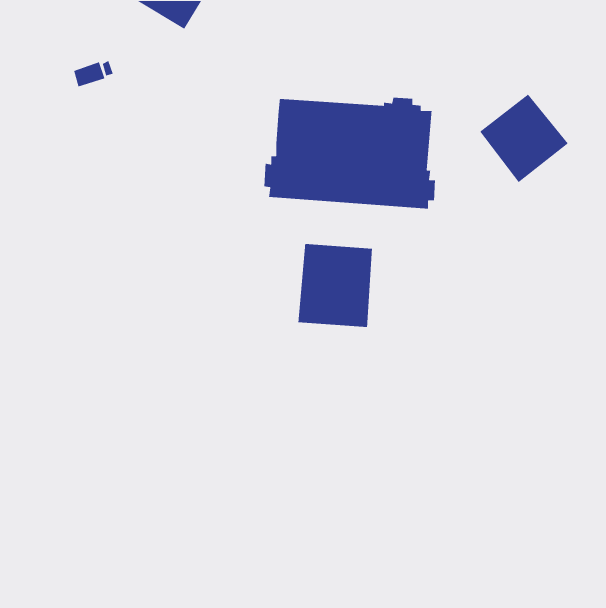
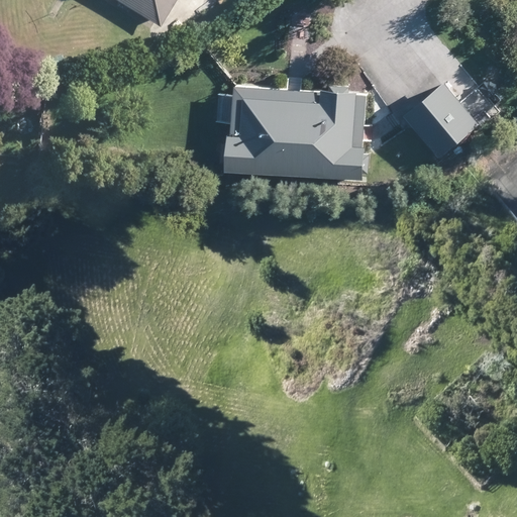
building: [298,243,373,328] -> none

